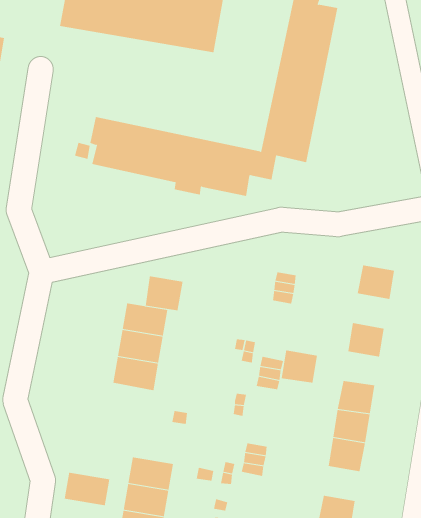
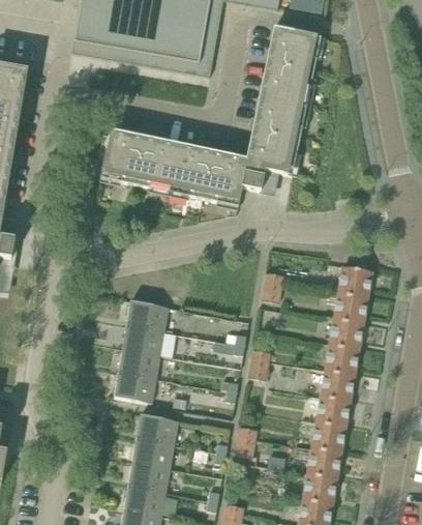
building: [145,276,183,311] -> none
building: none -> [334,290,368,321]
building: [281,350,318,383] -> [326,342,359,372]
building: none -> [116,370,157,401]
building: none -> [308,444,341,475]
building: [64,472,110,506] -> [138,412,179,442]

